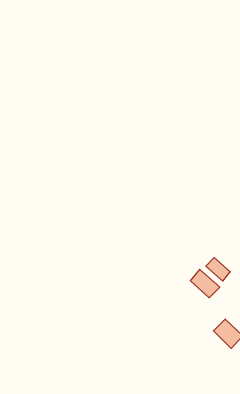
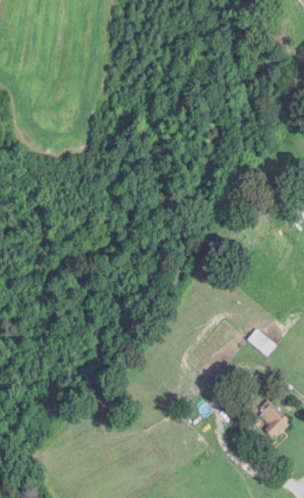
building: [190,269,220,298] -> none

